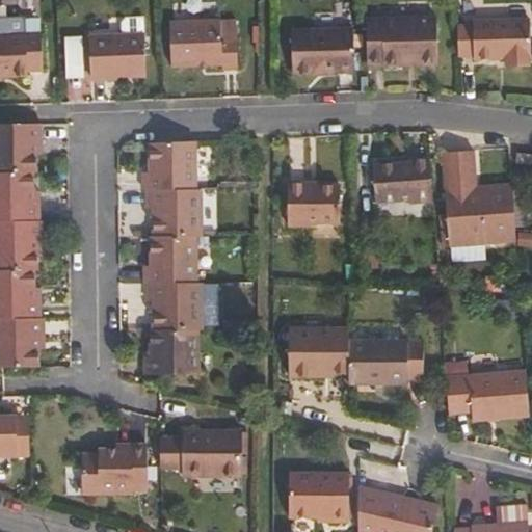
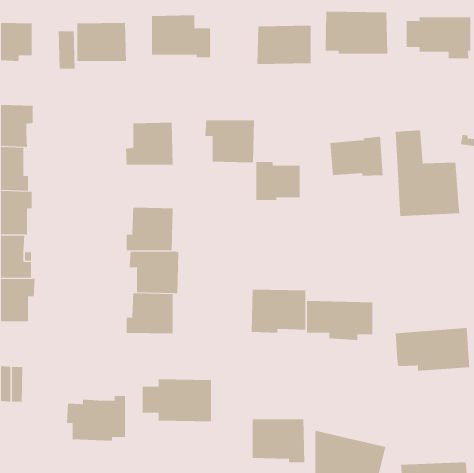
building: [147,188,203,236] -> [205,120,255,163]

